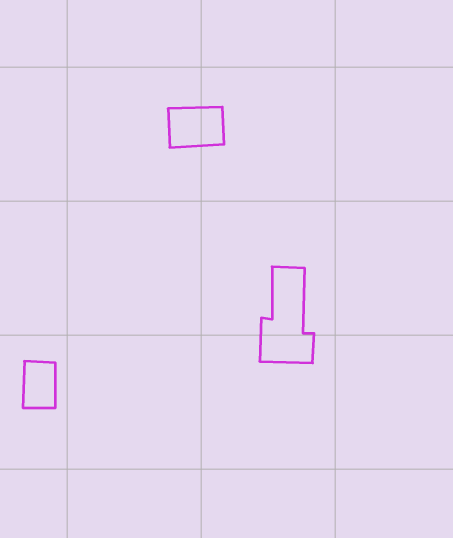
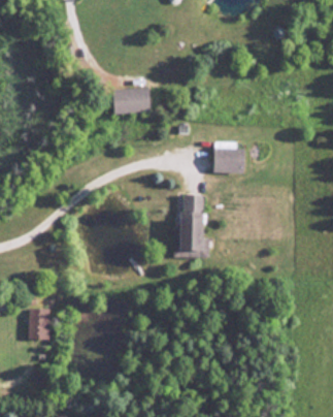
building: none -> [213,145,244,173]
building: [23,361,55,408] -> [28,309,49,340]

